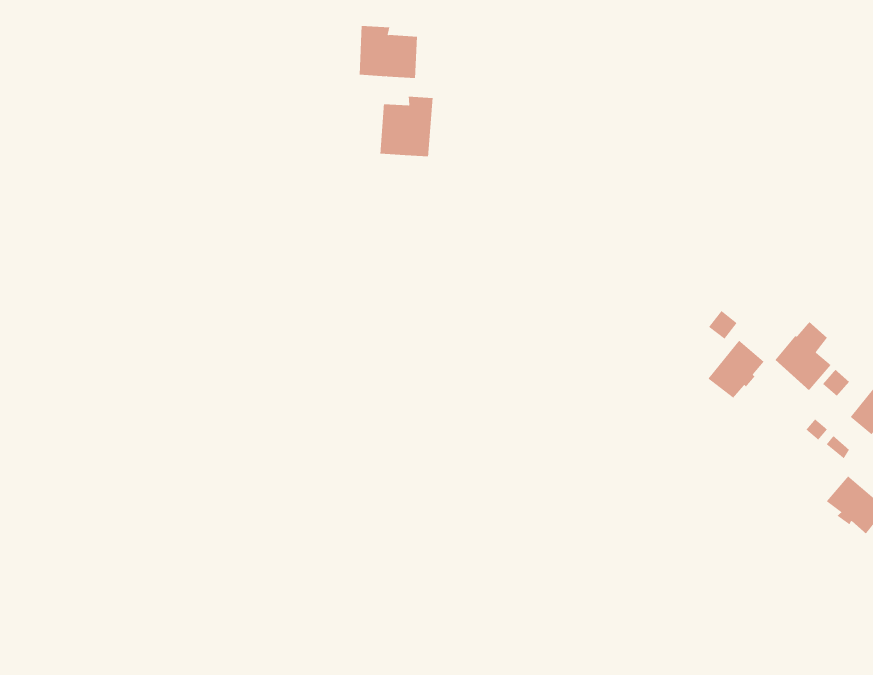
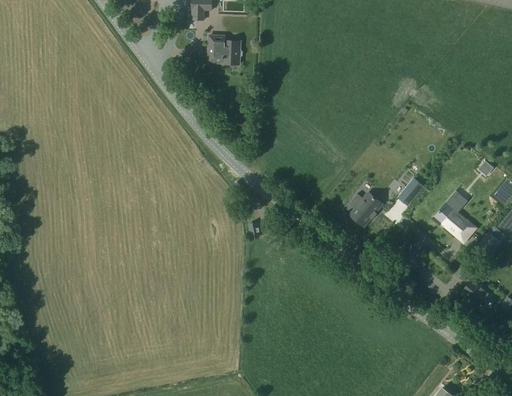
building: [380,96,433,157] -> none
building: [708,340,765,399] -> [351,193,382,225]

